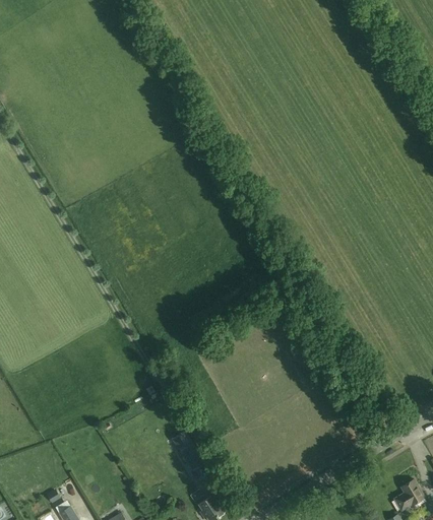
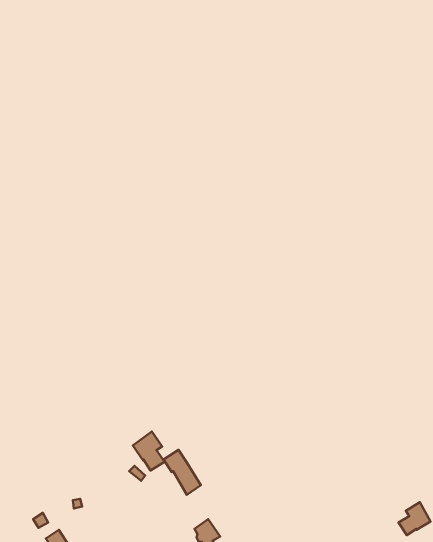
building: none -> [133,431,164,470]

